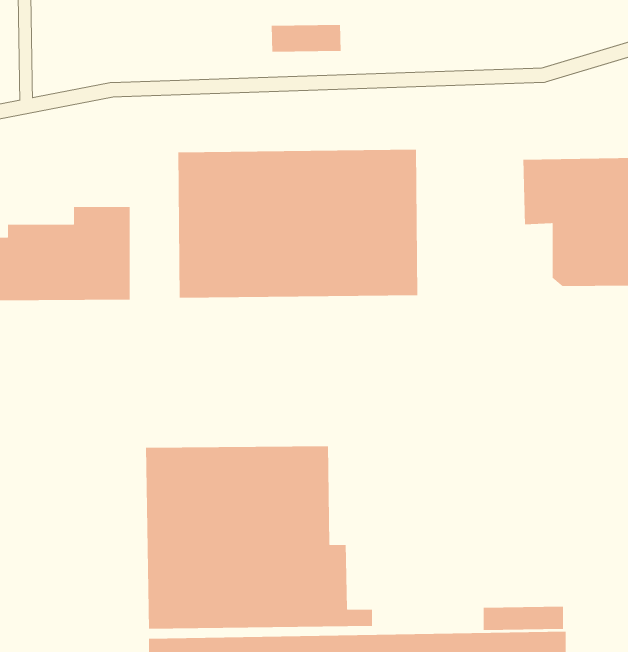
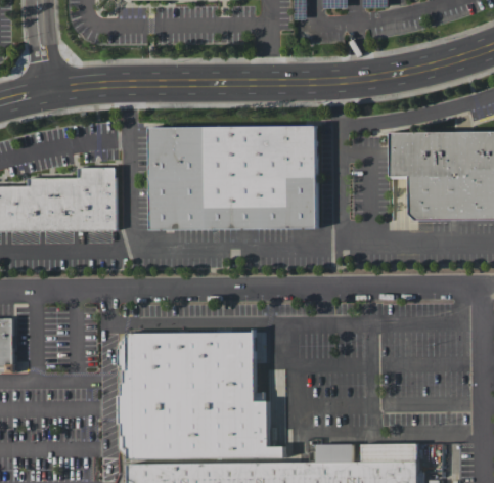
building: [271,24,342,52] -> none
building: none -> [316,443,353,462]

